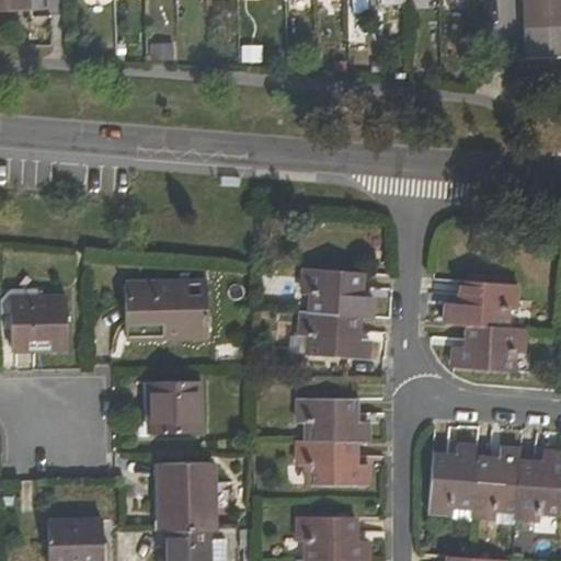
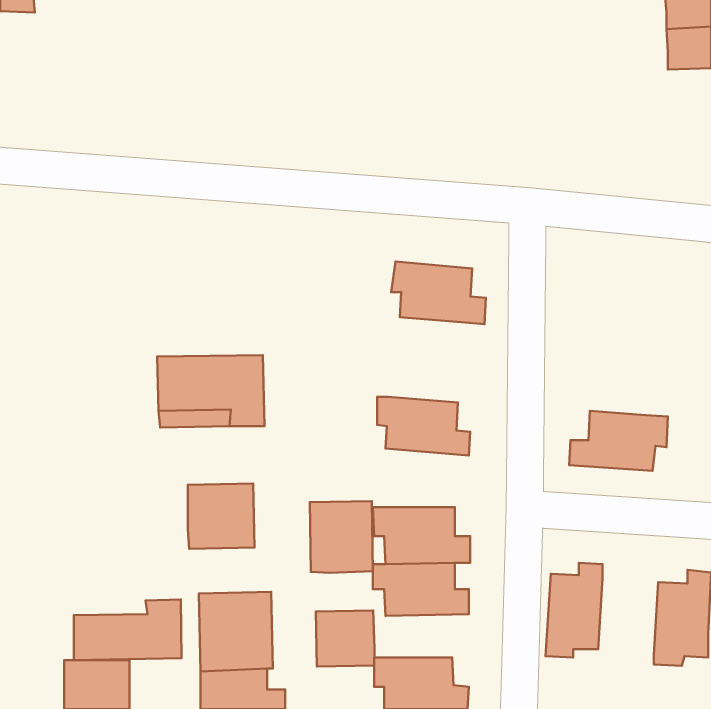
building: [299,268,374,318] -> [391,262,486,324]
building: [443,280,519,327] -> none
building: [9,295,67,354] -> none
building: none -> [310,501,373,573]
building: [471,446,518,520] -> none
building: none -> [74,599,181,660]
building: none -> [316,610,375,666]

